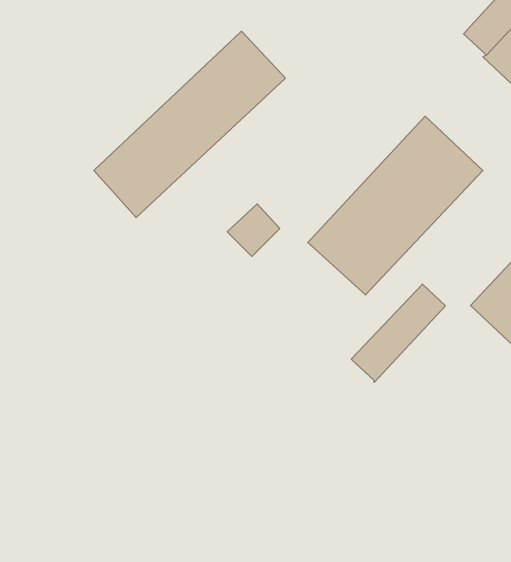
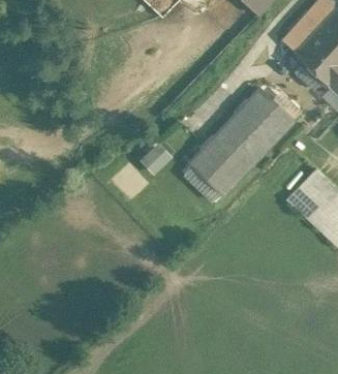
building: [94,31,285,218] -> none
building: [351,284,445,382] -> none

